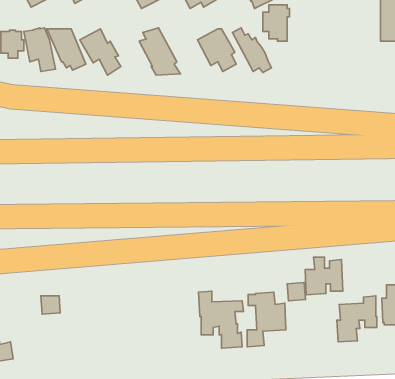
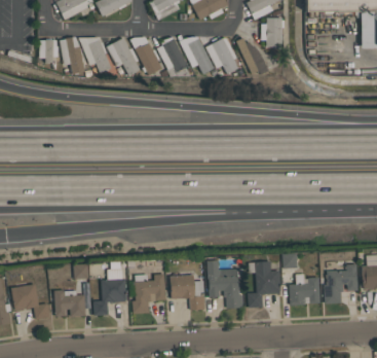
building: none -> [129,37,161,75]
building: none -> [179,37,214,74]
building: [305,257,343,295] -> [288,275,319,307]
building: none -> [93,262,126,316]
building: none -> [133,275,165,314]
building: none -> [169,276,204,310]
building: none -> [53,290,85,317]

